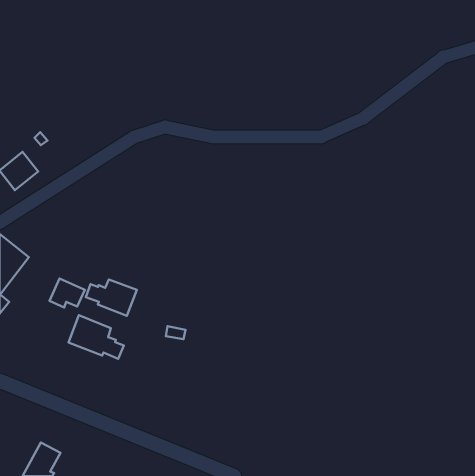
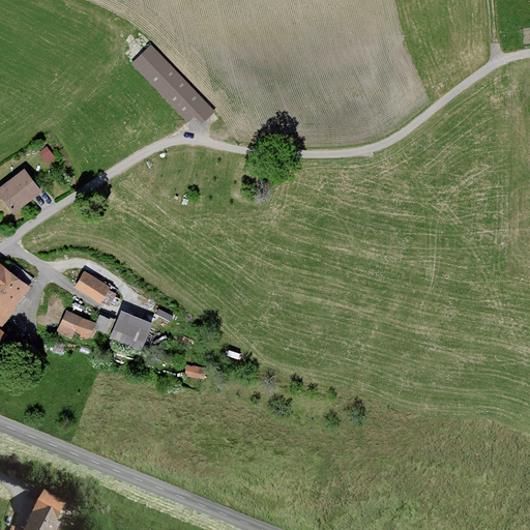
building: none -> [131,47,214,124]
building: none -> [75,272,109,302]
building: [69,315,124,359] -> none

